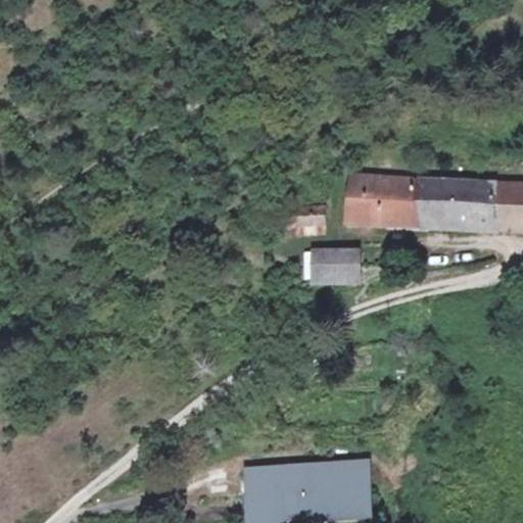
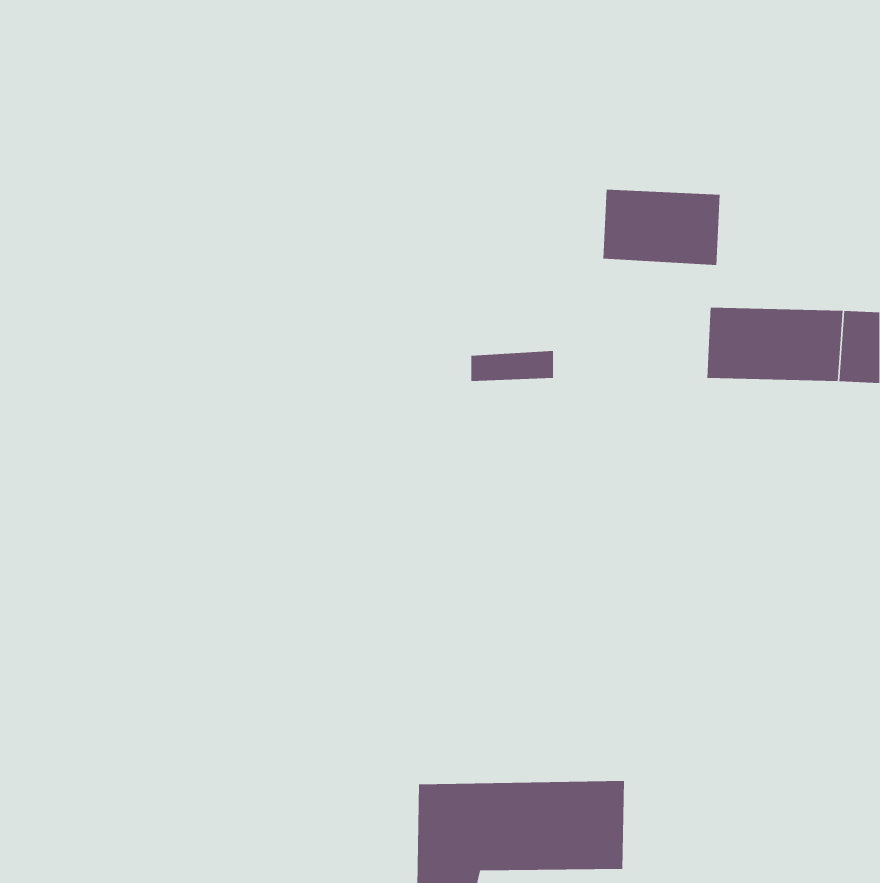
building: [348,180,418,225] -> [602,189,721,266]
building: [316,250,360,288] -> none

